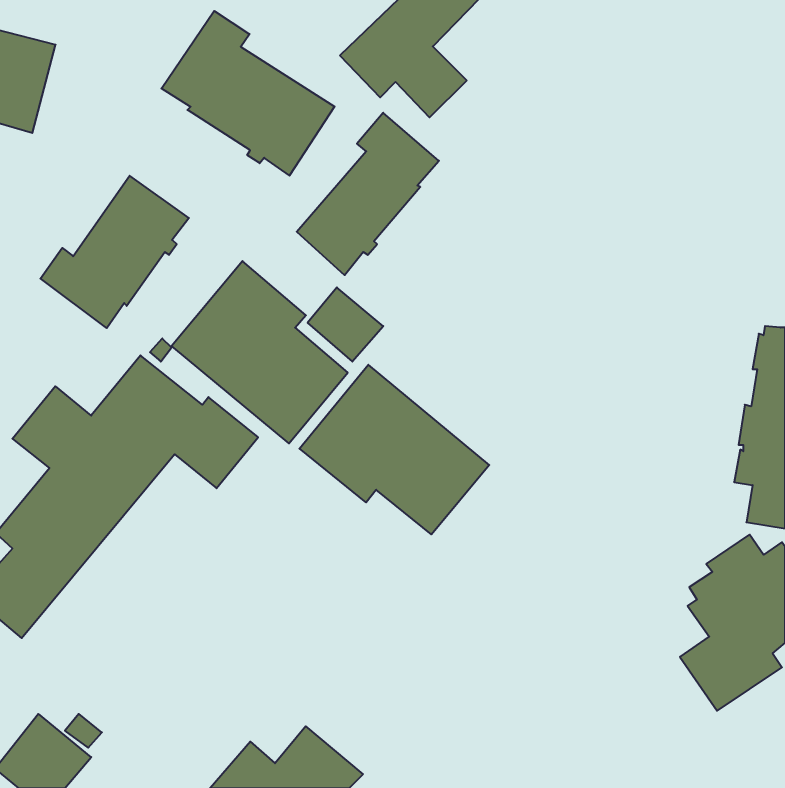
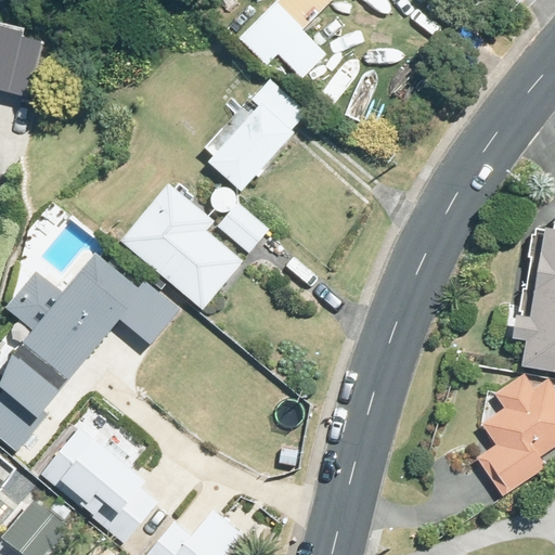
building: [161,11,335,176] -> none
building: [40,176,189,328] -> none
building: [299,365,489,534] -> none
building: none -> [41,426,159,542]

